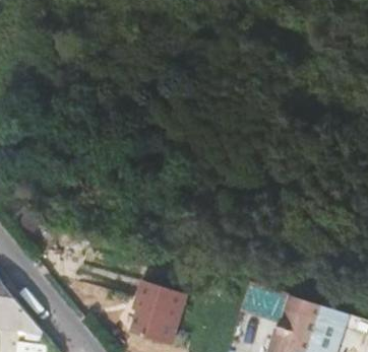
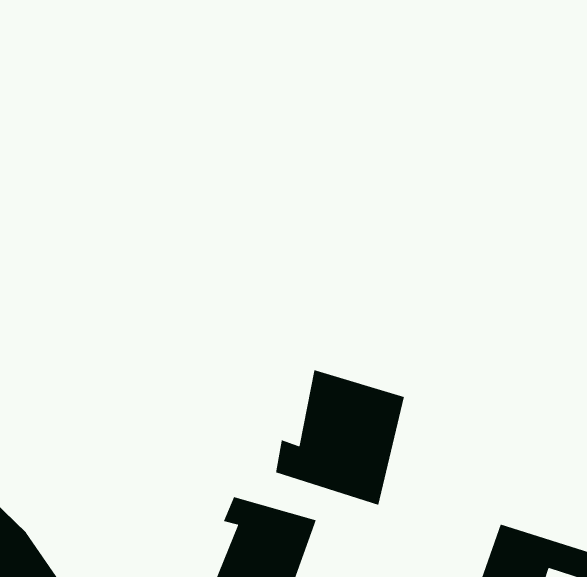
building: none -> [275,369,405,506]

